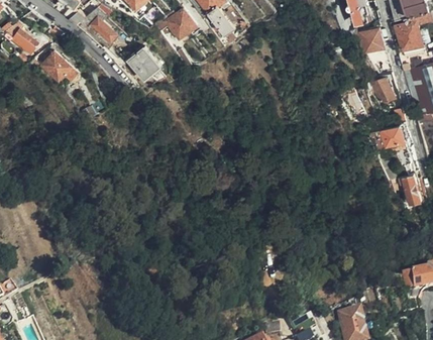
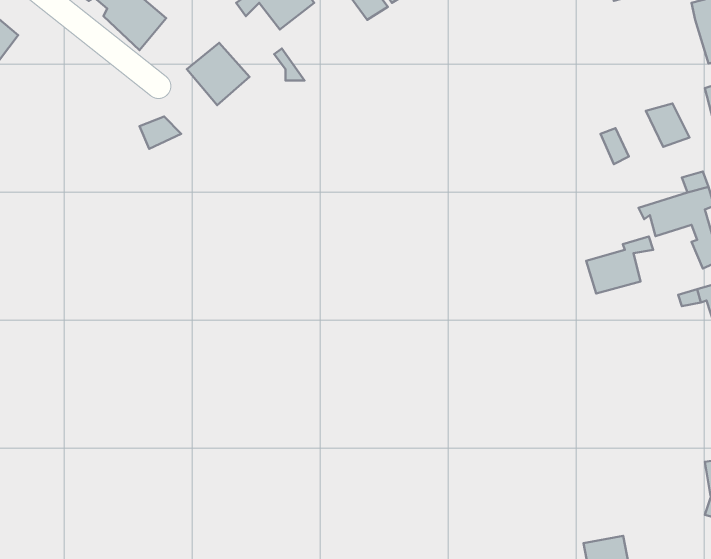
building: [358,29,387,62] -> none
building: [39,51,78,85] -> none
building: none -> [586,236,653,294]

